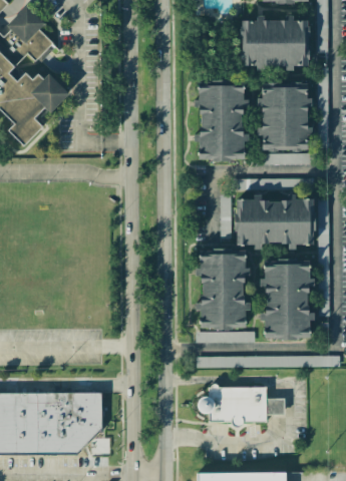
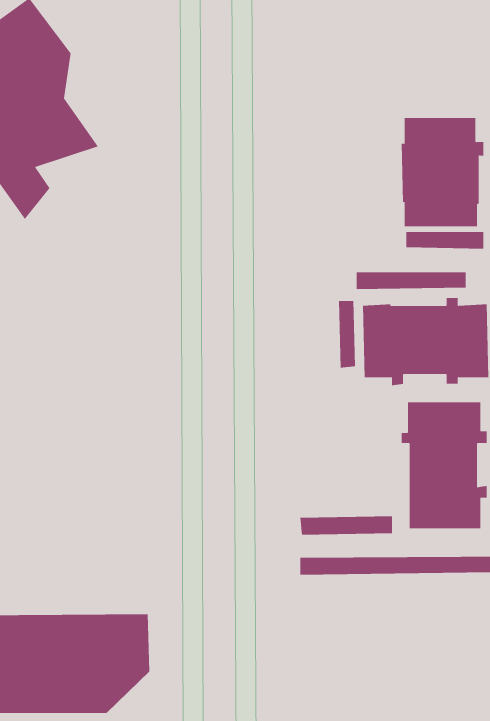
building: [240,15,308,70] -> none
building: [194,81,248,160] -> none
building: [195,253,250,329] -> none
building: [198,386,284,423] -> none

